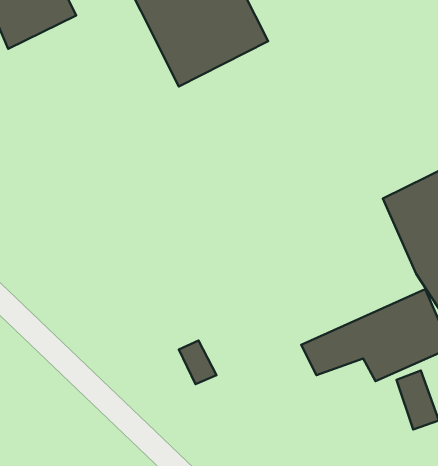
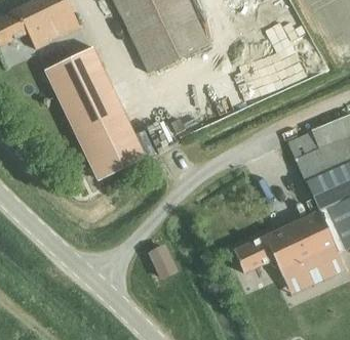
building: none -> [47,46,146,178]

